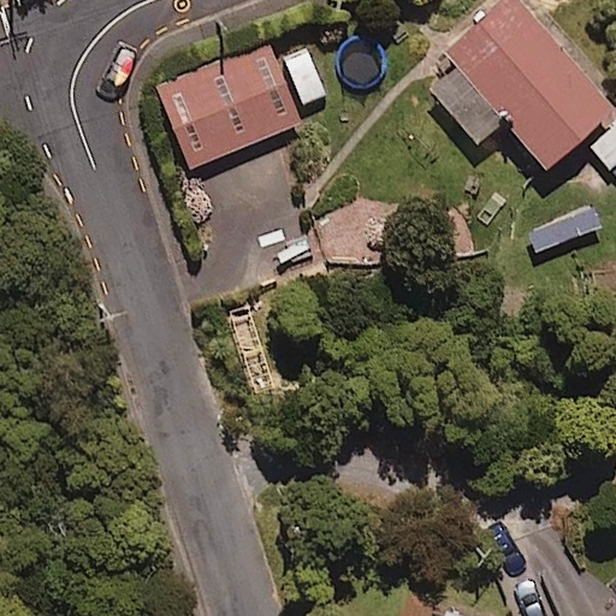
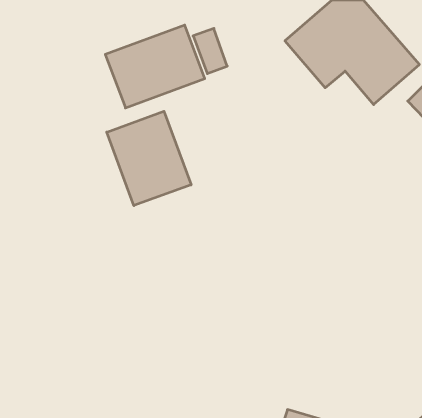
building: none -> [107,111,191,206]

